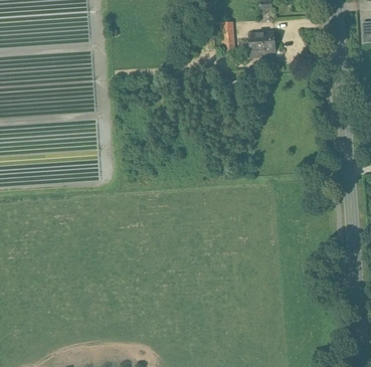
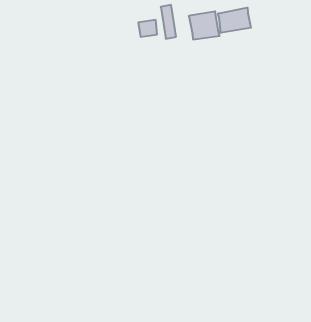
building: none -> [218,8,251,33]

